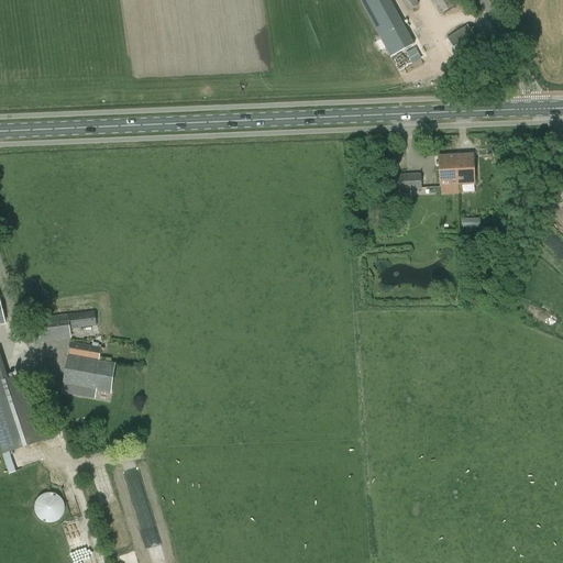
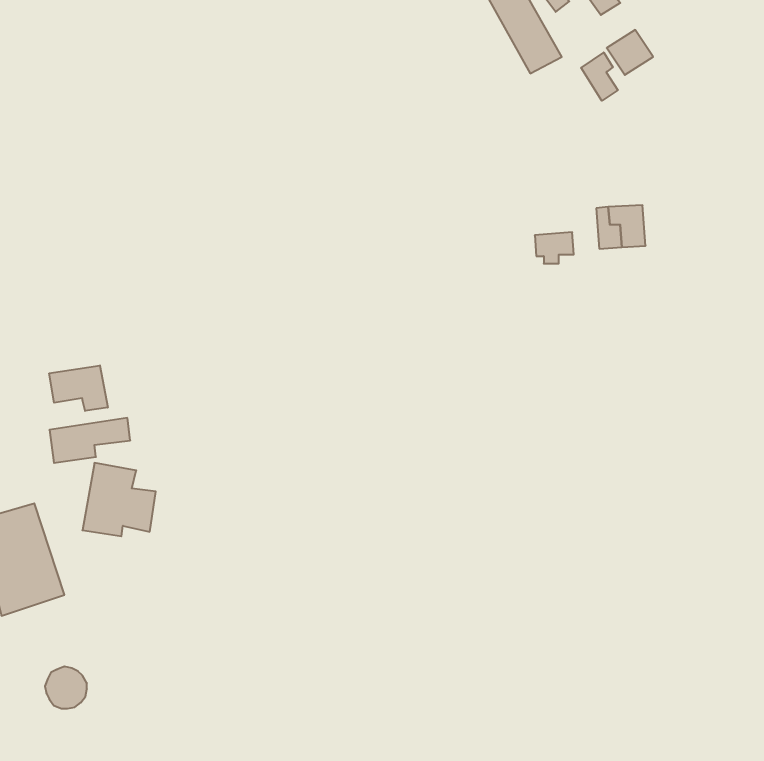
building: none -> [581,52,618,101]
building: none -> [49,365,108,411]

